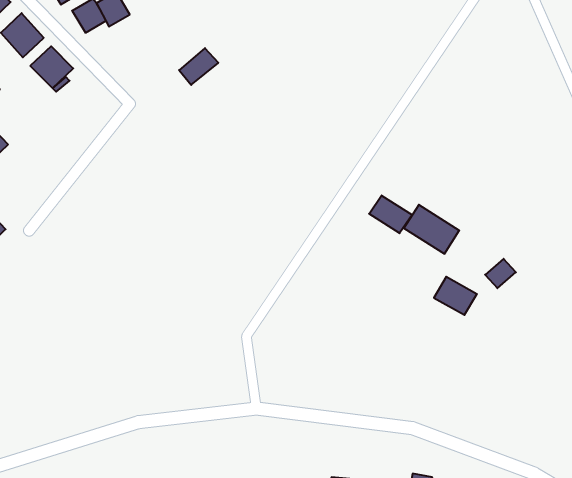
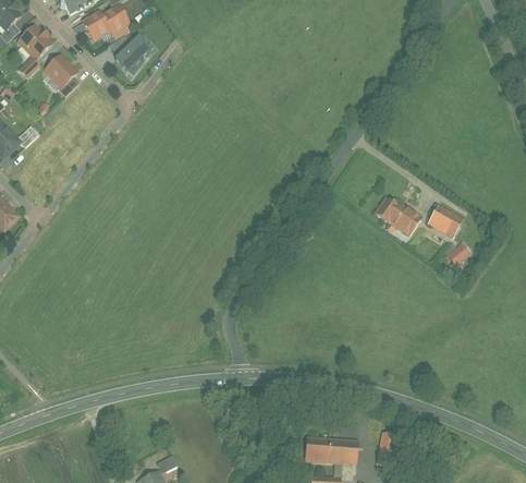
building: [179,48,218,85] -> [113,33,148,65]
building: [369,195,412,233] -> none
building: [434,277,477,315] -> [425,204,463,238]

